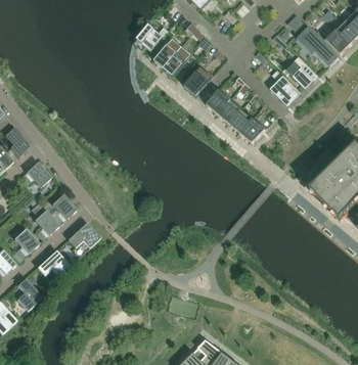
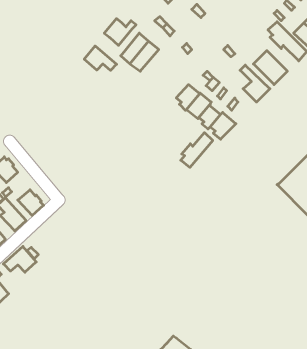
building: none -> [84,46,117,70]
building: [182,65,212,96] -> none
building: none -> [181,133,213,167]
building: [66,221,99,246] -> none

